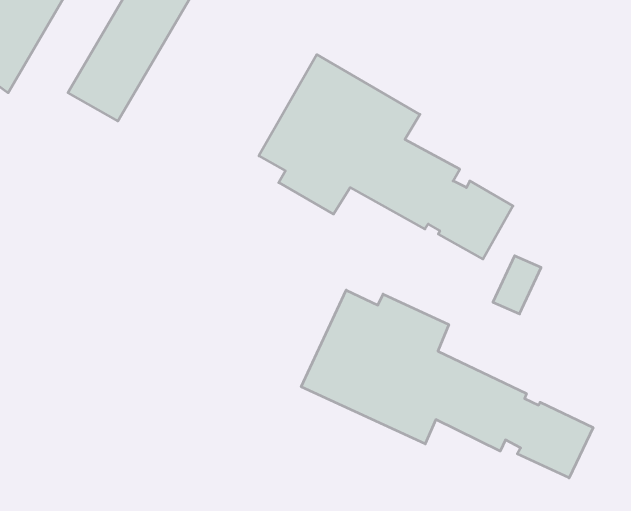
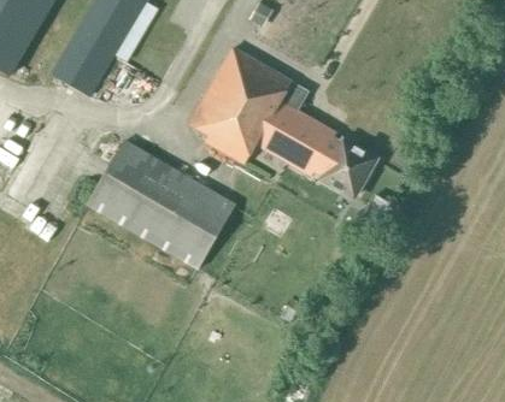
building: none -> [87,140,234,267]
building: [301,290,593,478] -> none

